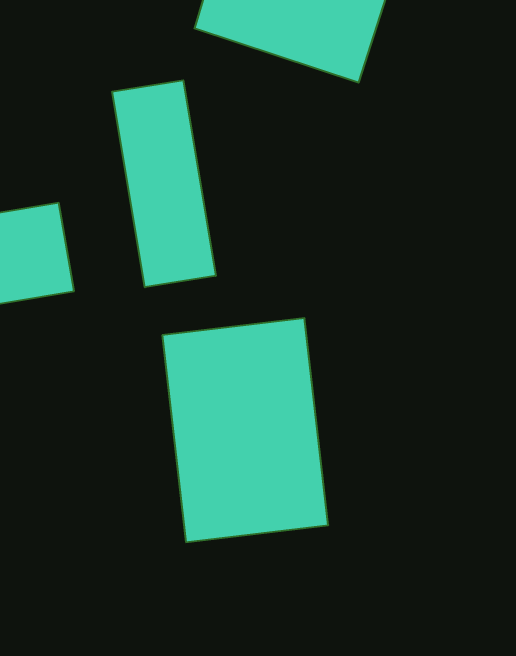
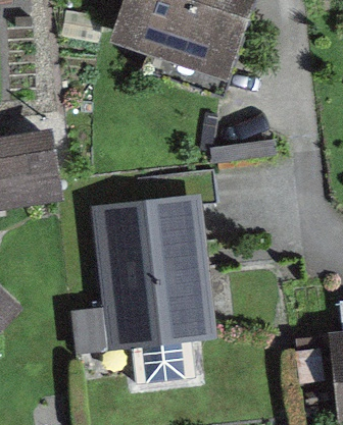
building: [112,80,216,287] -> none

